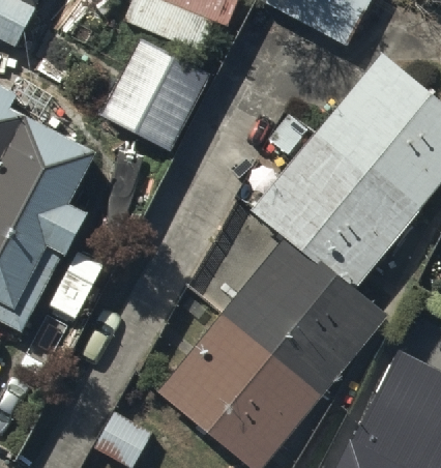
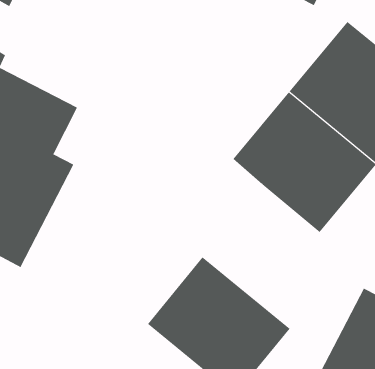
building: [101,41,203,149] -> none
building: [224,237,384,394] -> none

